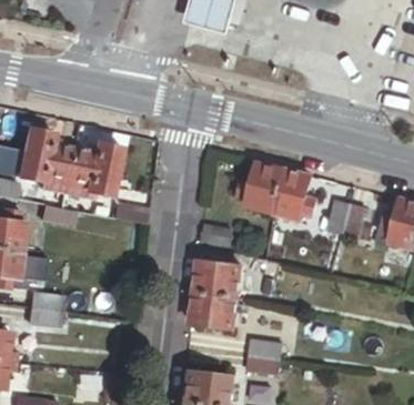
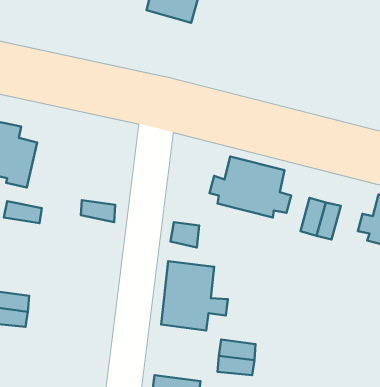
building: [63,142,125,198] -> none

